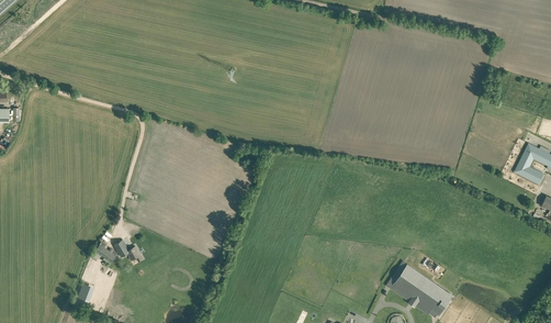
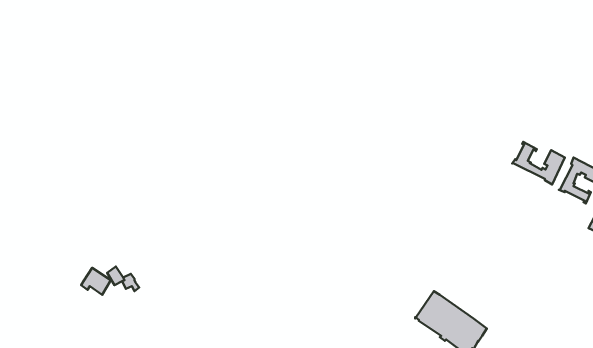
building: none -> [512,142,565,185]

